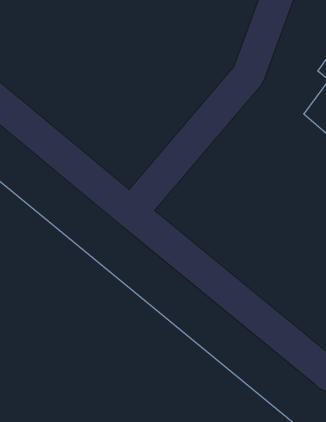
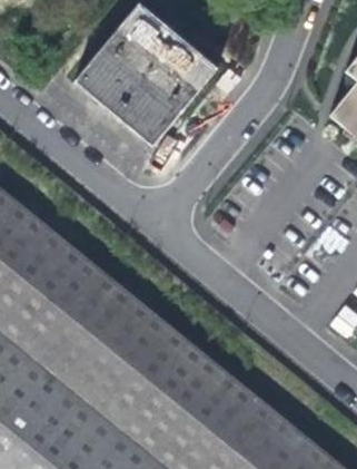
building: none -> [71,10,211,152]

